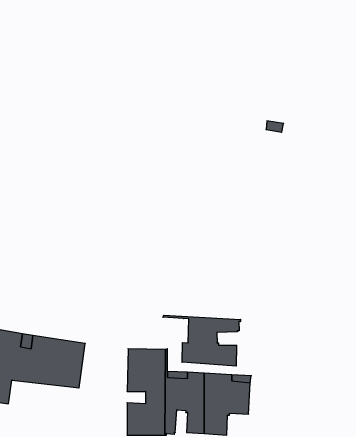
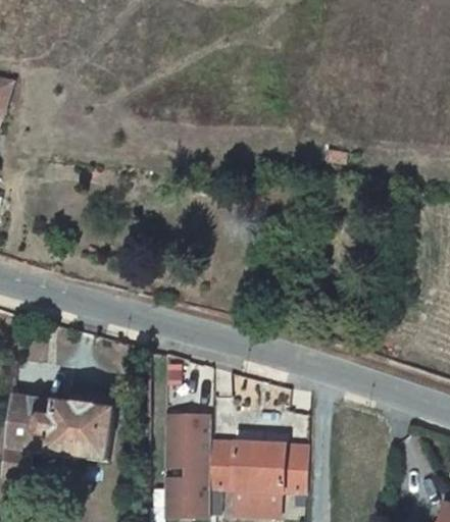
building: [163,315,241,366] -> none

